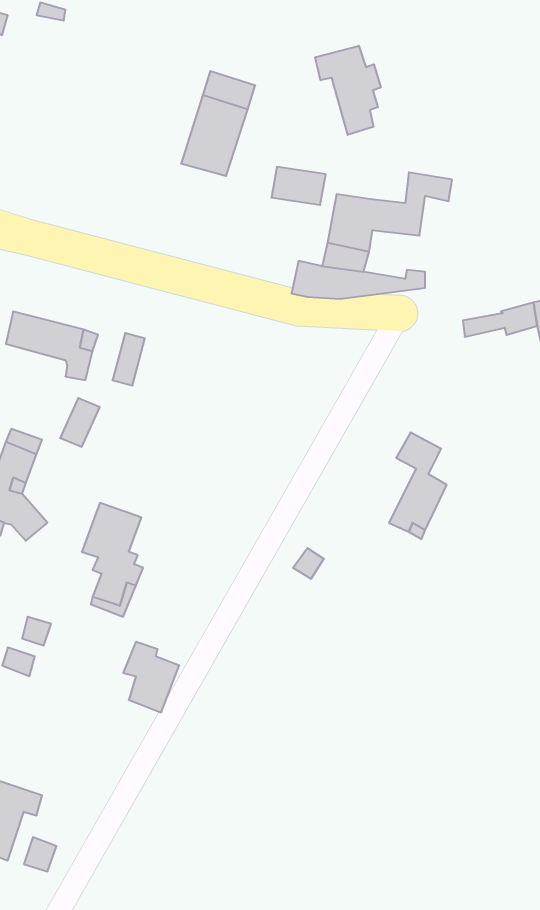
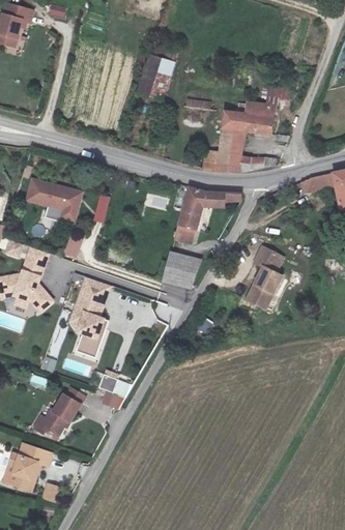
building: [315,46,381,135] -> none
building: none -> [181,189,243,243]
building: none -> [165,255,202,290]
building: none -> [37,394,74,435]

